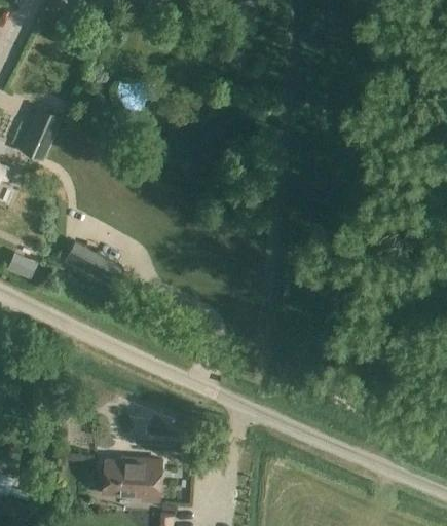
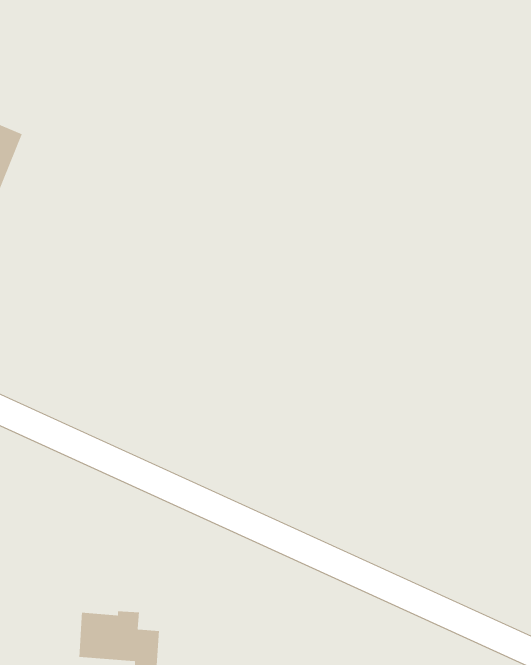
building: [76,251,122,288] -> none

